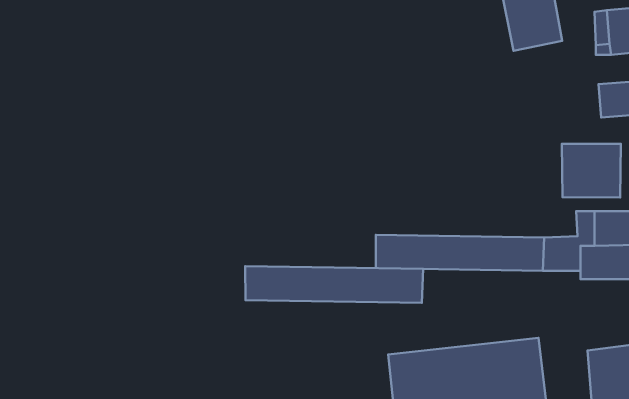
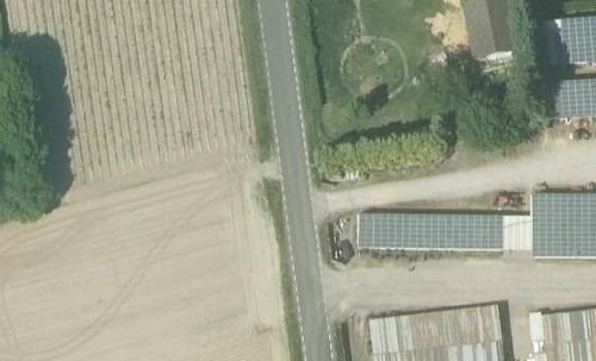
building: [562,144,621,197] -> none
building: [245,266,423,303] -> none

